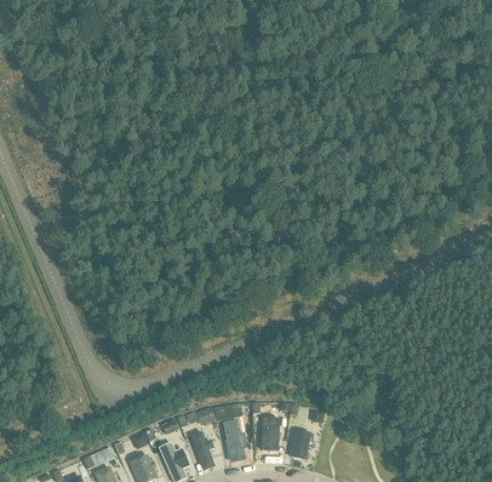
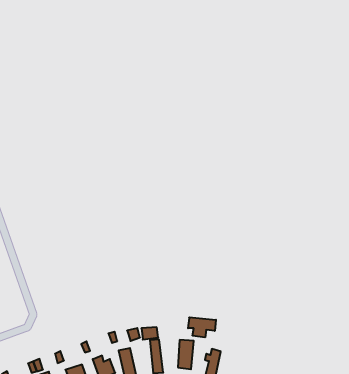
building: none -> [188,317,216,337]

